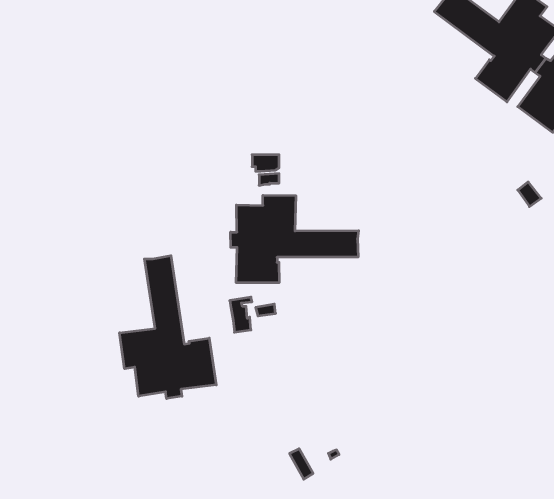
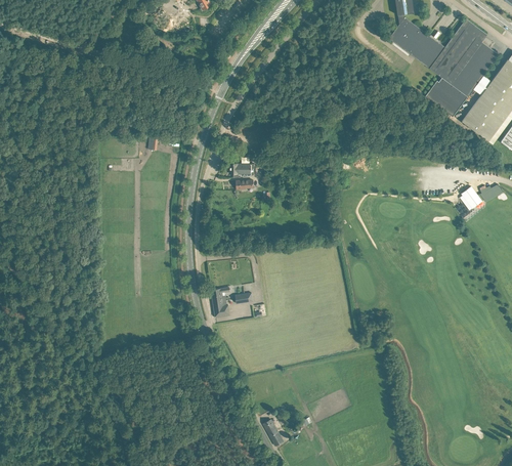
building: [231,195,359,283] -> none
building: [120,256,216,399] -> none

